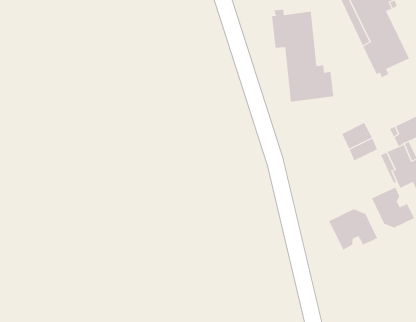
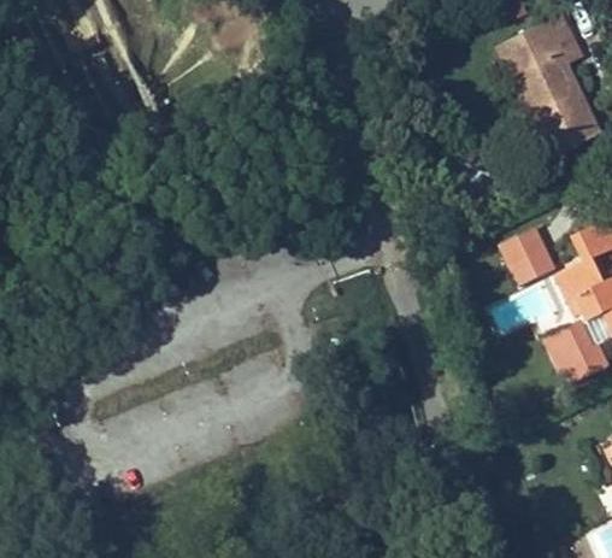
building: [271,9,334,102] -> none
building: [328,209,378,251] -> none

